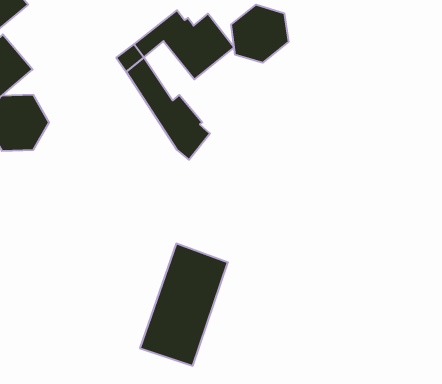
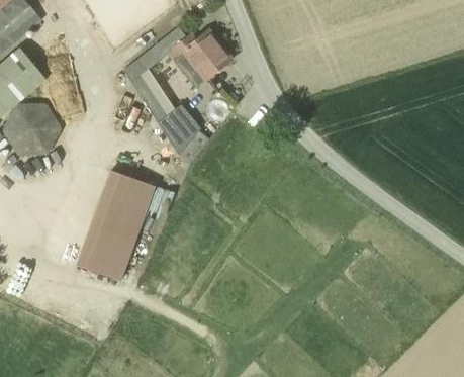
building: [231,5,288,63] -> none
building: [140,244,228,366] -> [76,168,157,280]

